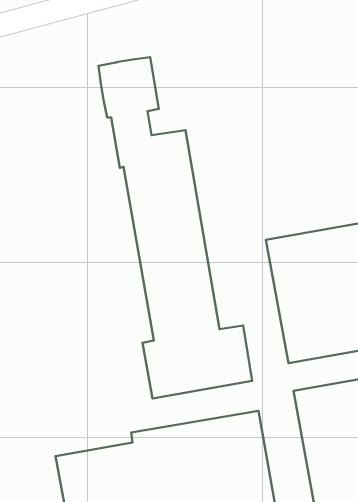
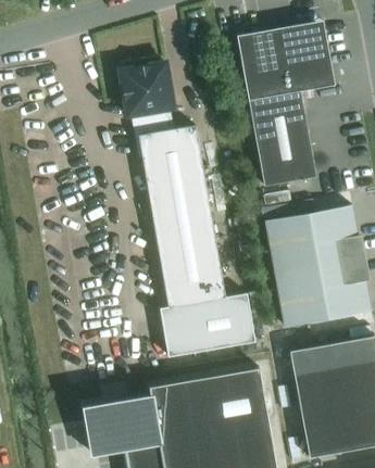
building: none -> [237,21,335,187]

